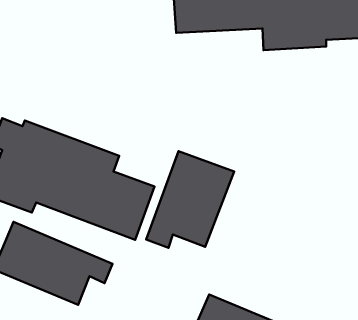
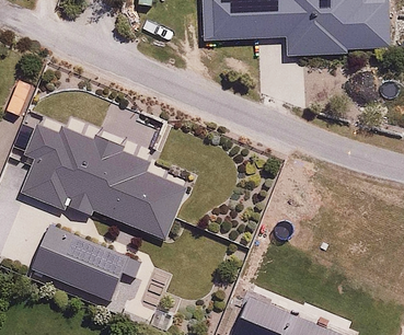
building: [146,151,234,248] -> none

